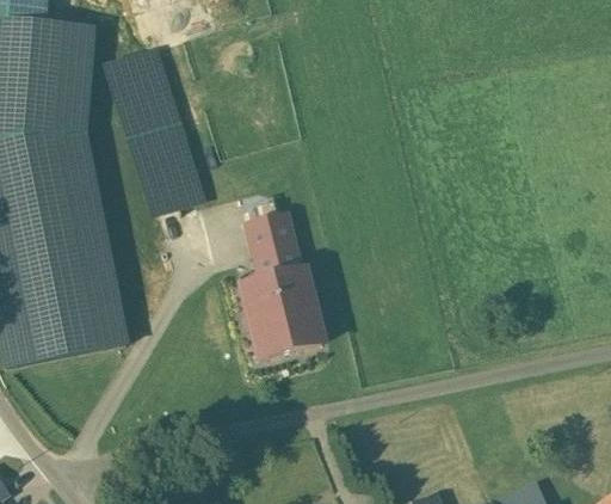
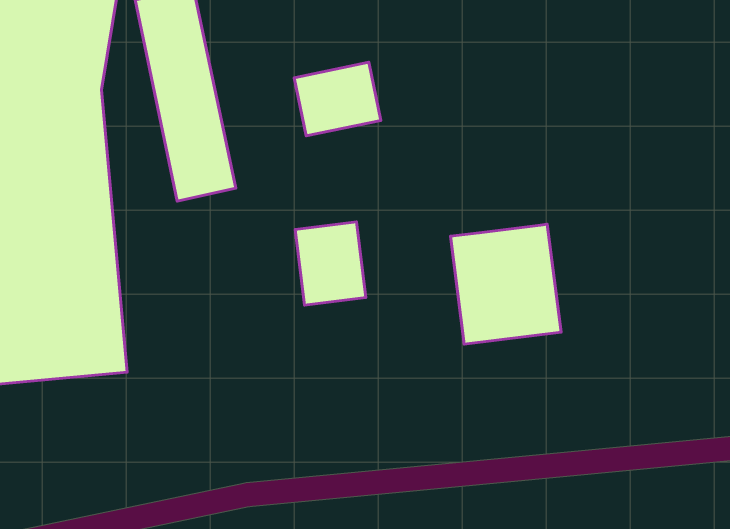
building: none -> [294,62,381,136]
building: [235,266,326,363] -> [450,224,561,344]

